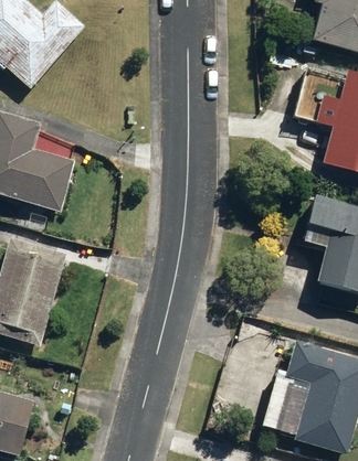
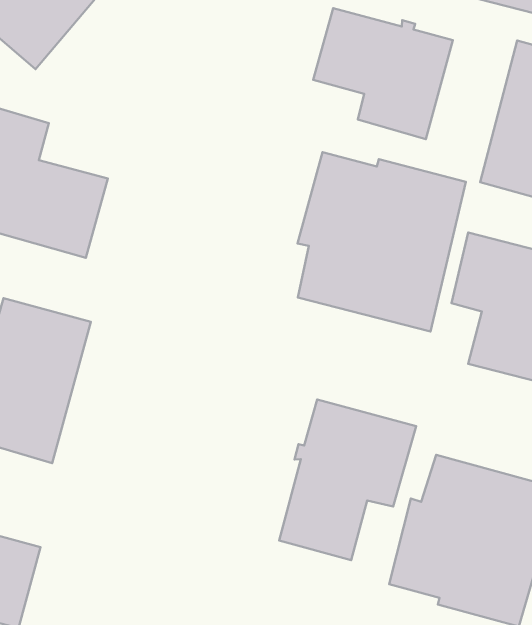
building: none -> [313,8,453,139]
building: none -> [298,152,466,331]
building: none -> [279,399,416,560]

